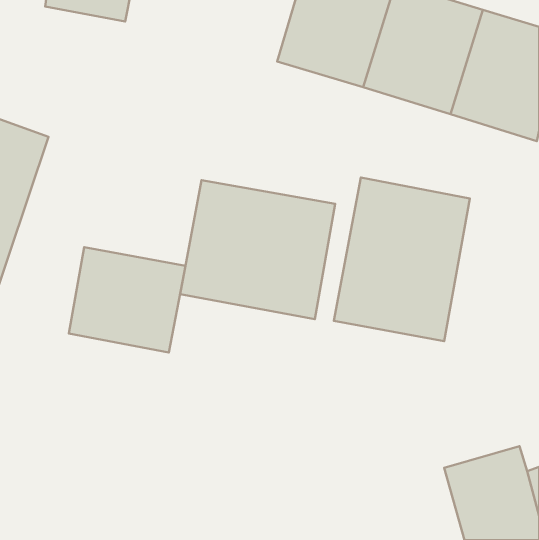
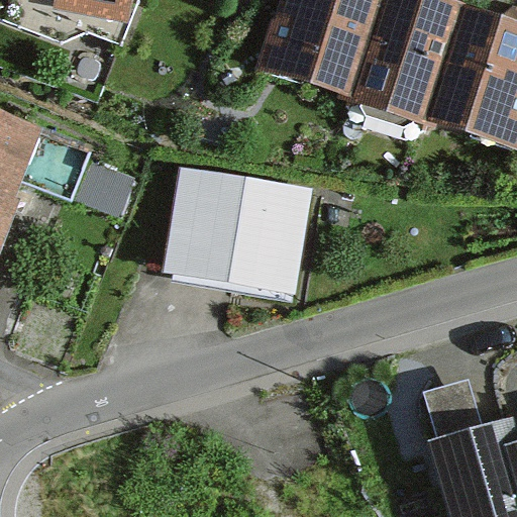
building: [334,177,470,341] -> none
building: [69,247,185,353] -> none

